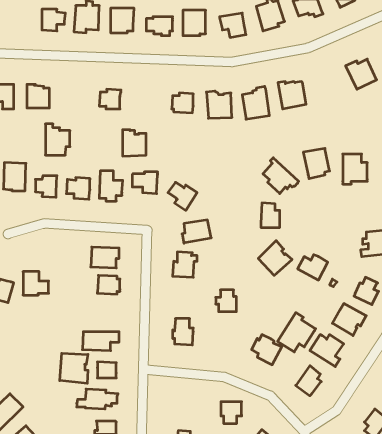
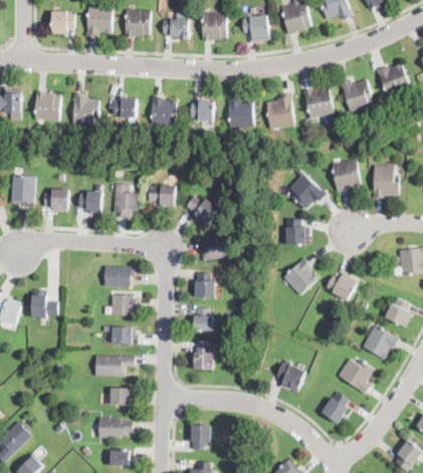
building: none -> [340,78,371,112]
building: [45,124,70,155] -> [72,92,98,126]
building: [123,130,146,156] -> [151,96,176,125]
building: [216,290,236,312] -> [190,307,212,330]
building: none -> [102,325,135,345]
building: [278,313,316,352] -> none
building: [60,353,88,383] -> none
building: [221,402,242,423] -> [188,426,210,449]

